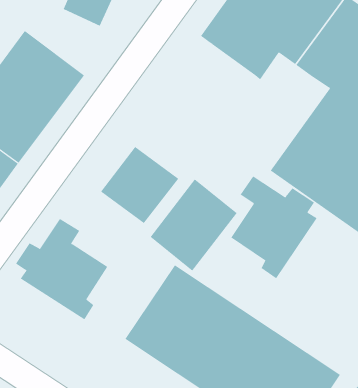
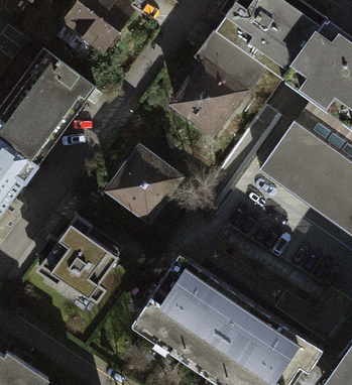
building: none -> [177,62,244,132]
building: [230,176,317,279] -> none
building: [150,179,237,272] -> none

